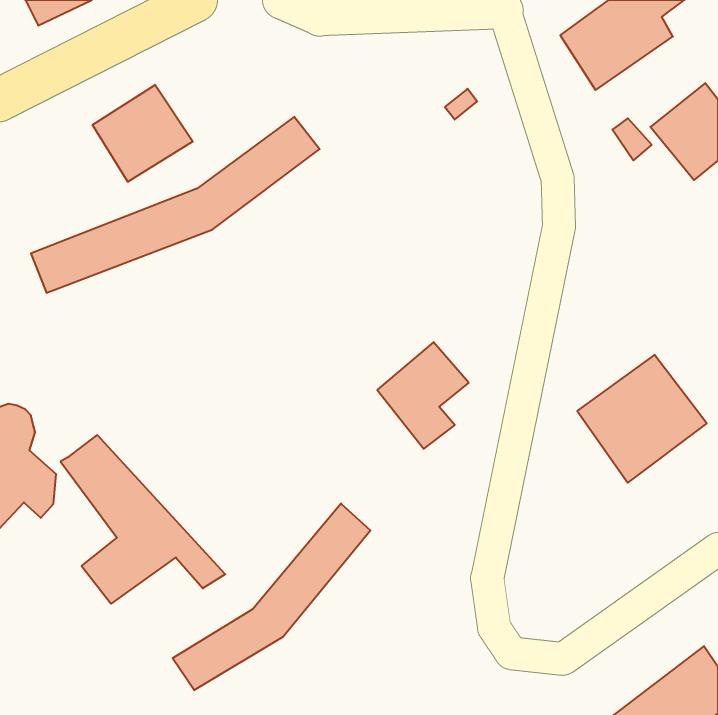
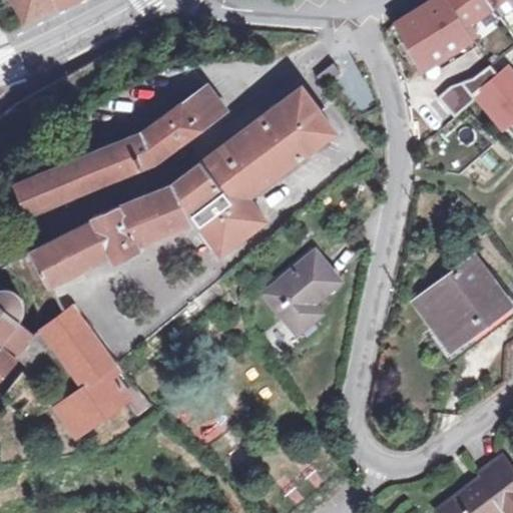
building: [93,85,193,182] -> none
building: none -> [33,87,334,285]
building: [173,503,370,690] -> none

